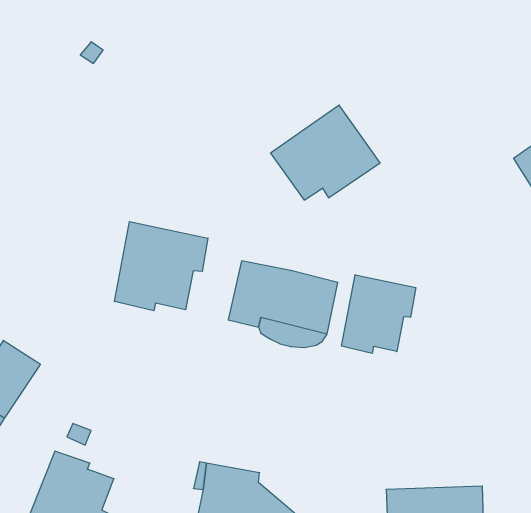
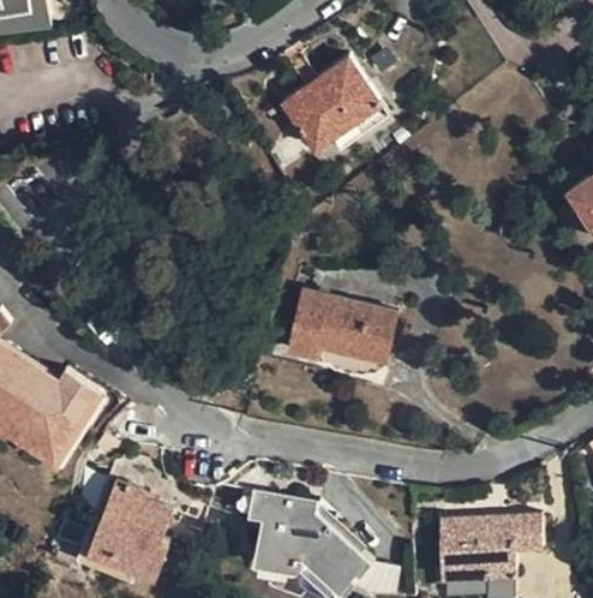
building: [271,105,380,200] -> [278,56,388,151]
building: [114,222,208,311] -> none
building: [342,275,416,353] -> none

